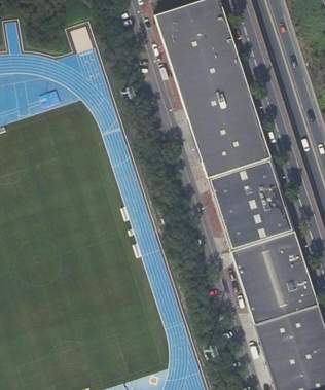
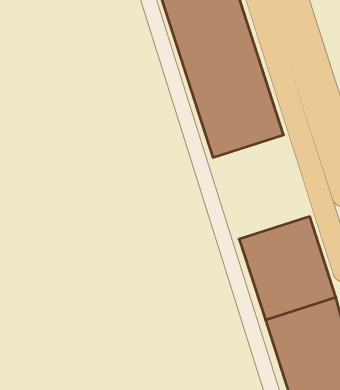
building: [207,156,294,251] -> none

